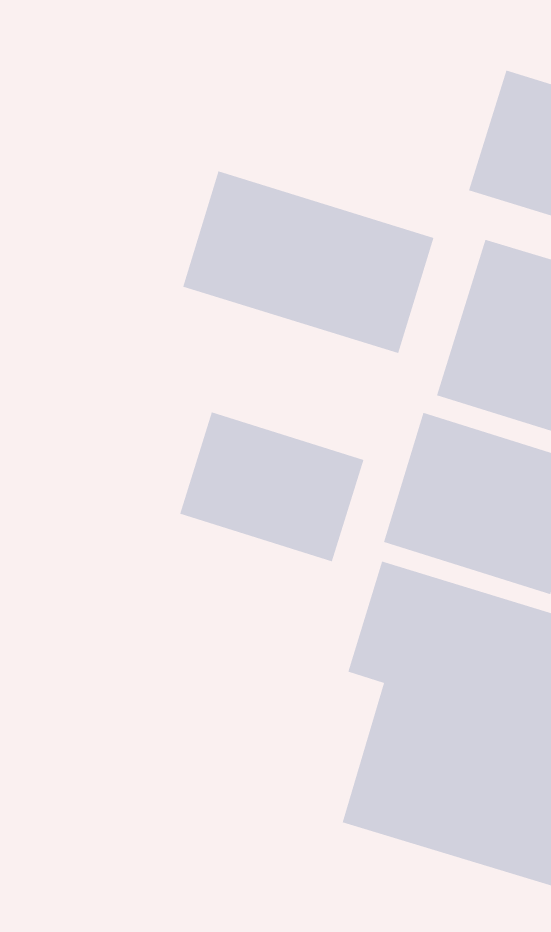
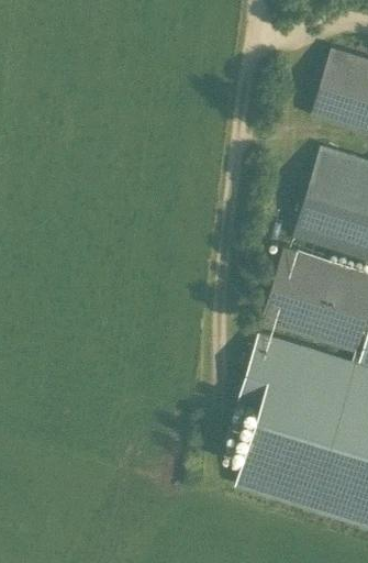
building: [183,171,434,354] -> none
building: [179,412,364,562] -> none

